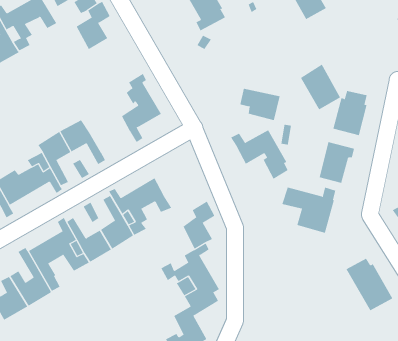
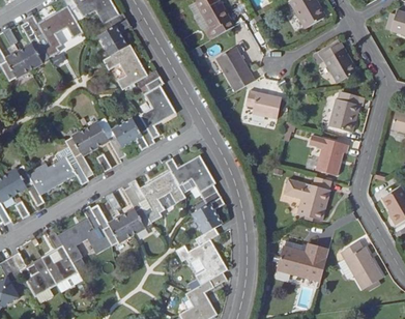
building: none -> [104,45,160,89]
building: none -> [215,47,255,92]
building: [300,64,341,110] -> [320,41,356,83]
building: none -> [112,117,154,149]
building: [230,130,288,179] -> [165,154,216,199]
building: none -> [276,237,329,283]

